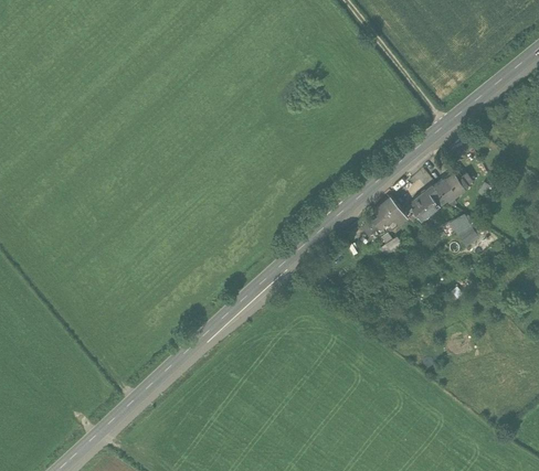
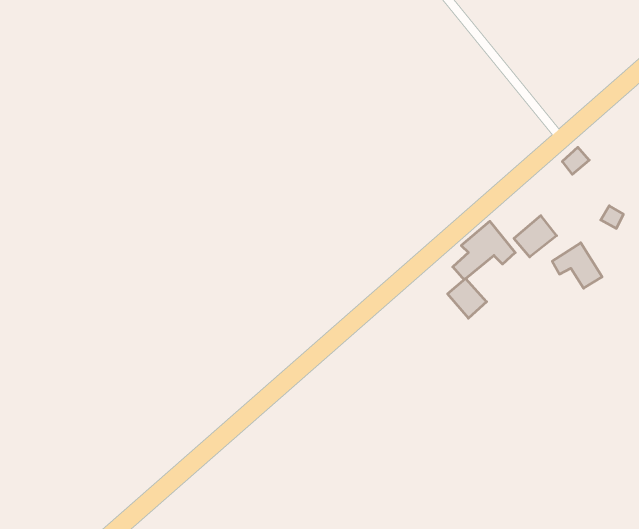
building: [431,173,472,205] -> none
building: none -> [448,279,487,318]

